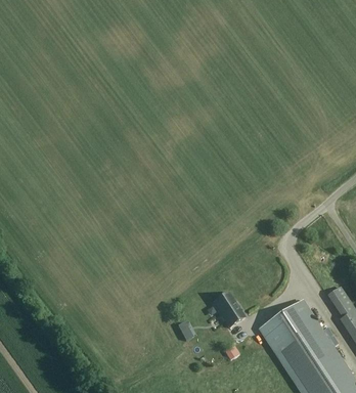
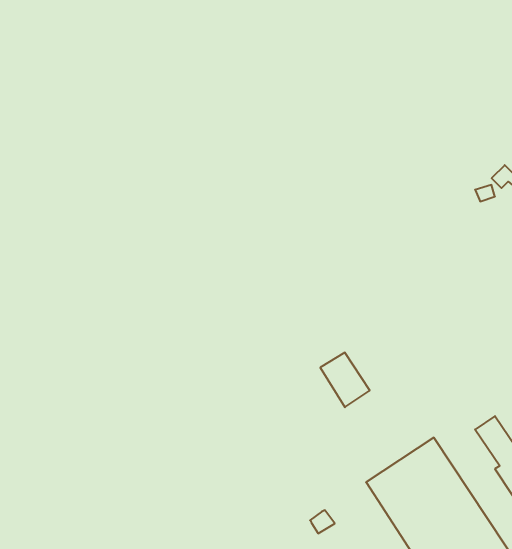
building: [214,293,244,326] -> [320,353,370,407]

